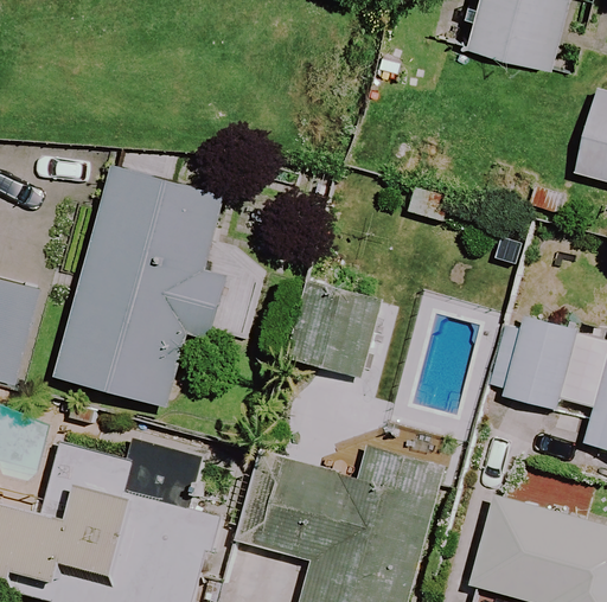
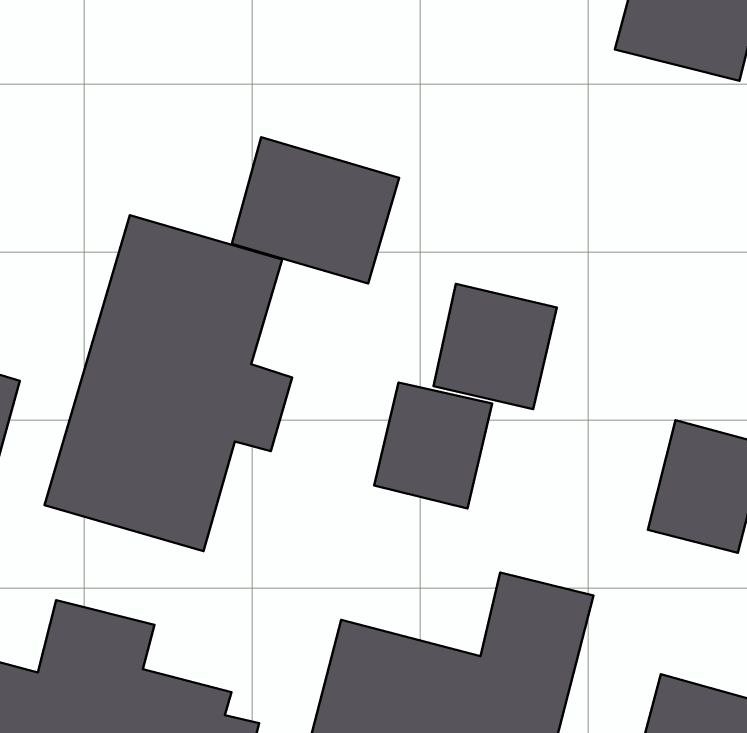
building: none -> [232,137,399,283]
building: none -> [433,284,557,409]

